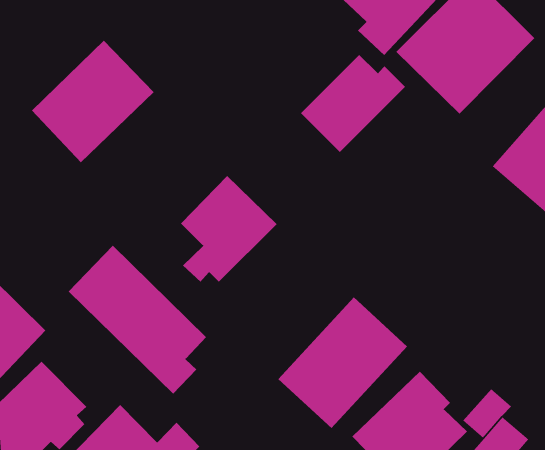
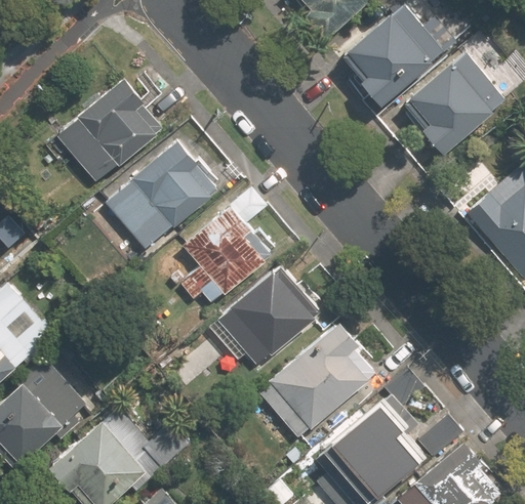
building: [300,54,406,153] -> none
building: none -> [104,137,223,251]
building: none -> [210,266,318,366]
building: [68,245,207,394] -> none

